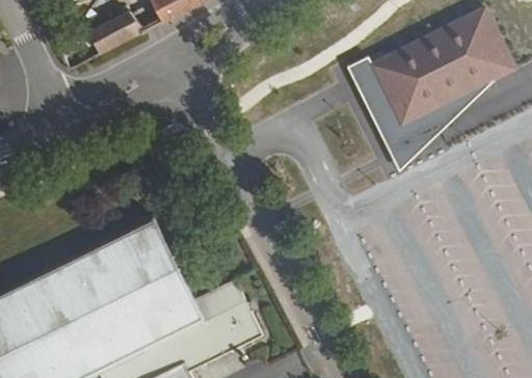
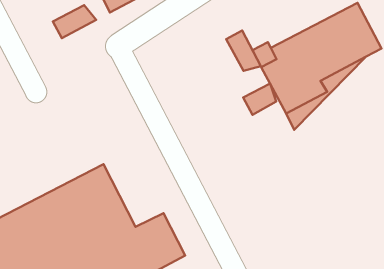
building: none -> [226,31,261,71]
building: none -> [243,83,276,115]

